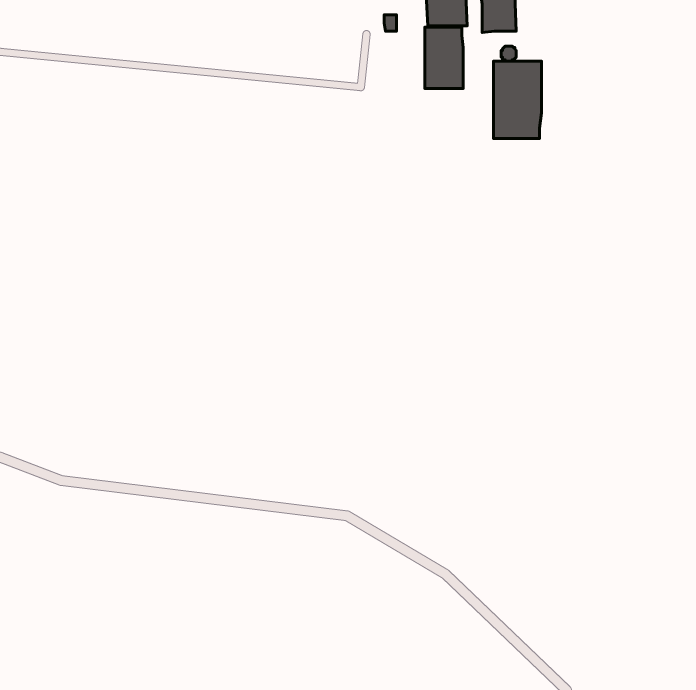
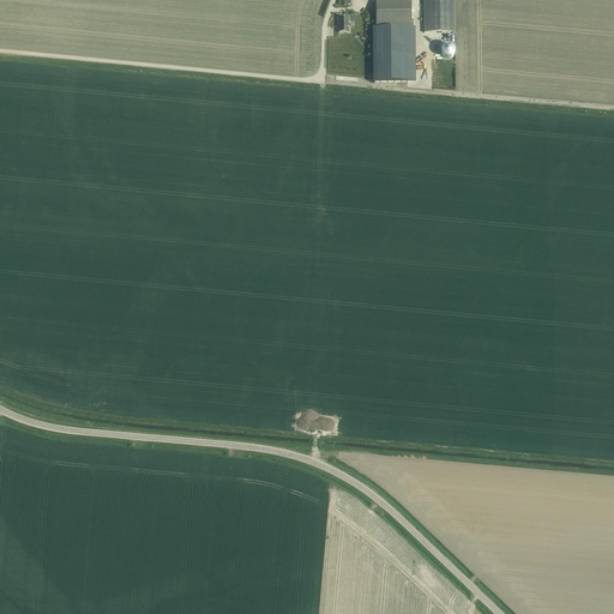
building: [493,61,541,139] -> none

